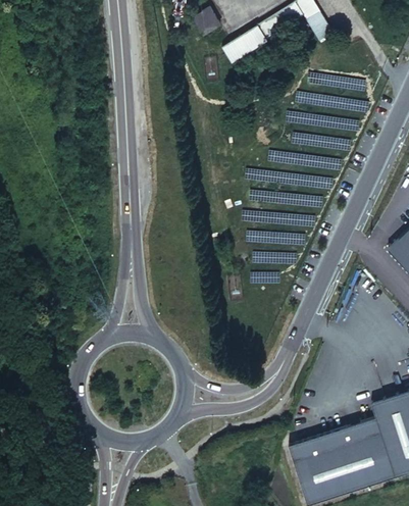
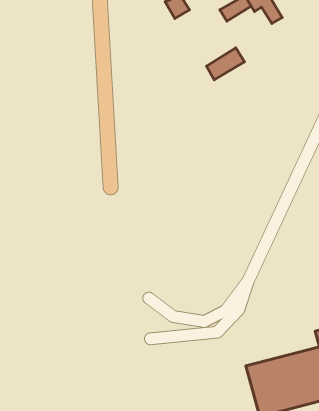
building: [224,23,269,61] -> [206,48,245,80]

